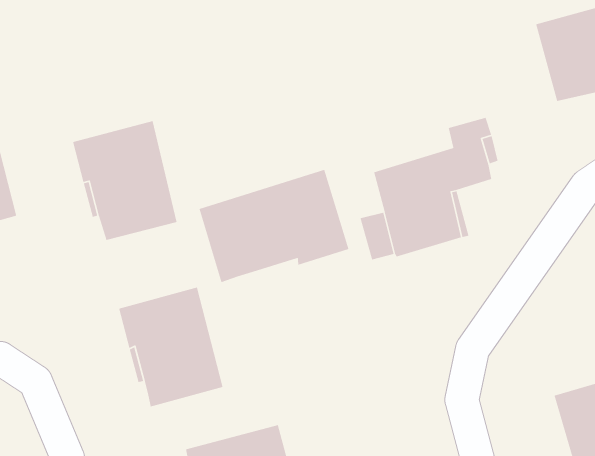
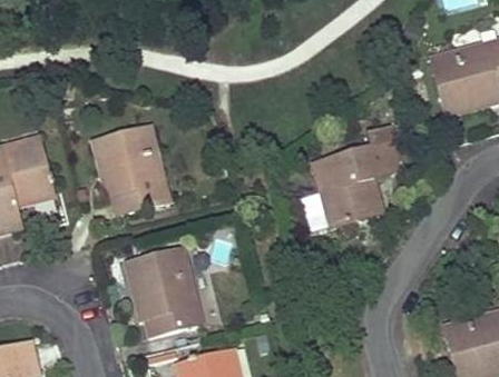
building: [198,169,349,283] -> none

